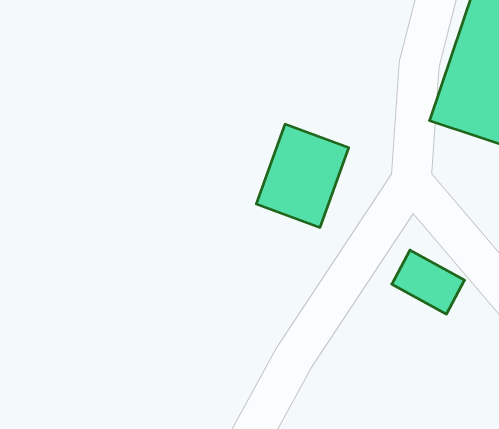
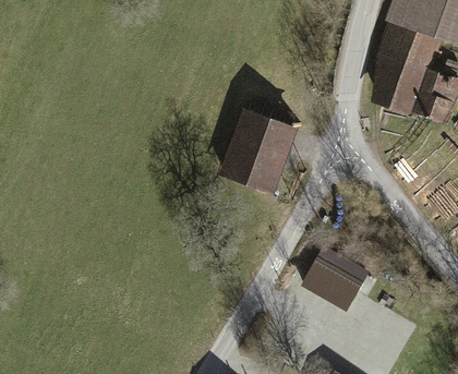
building: [392,250,465,314] -> [302,258,363,312]

